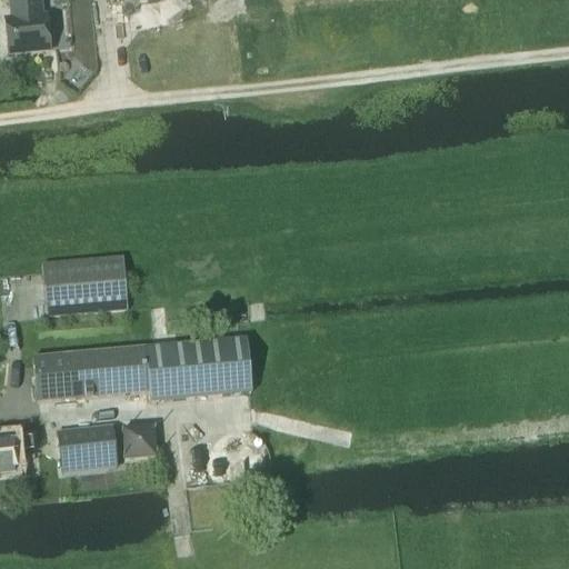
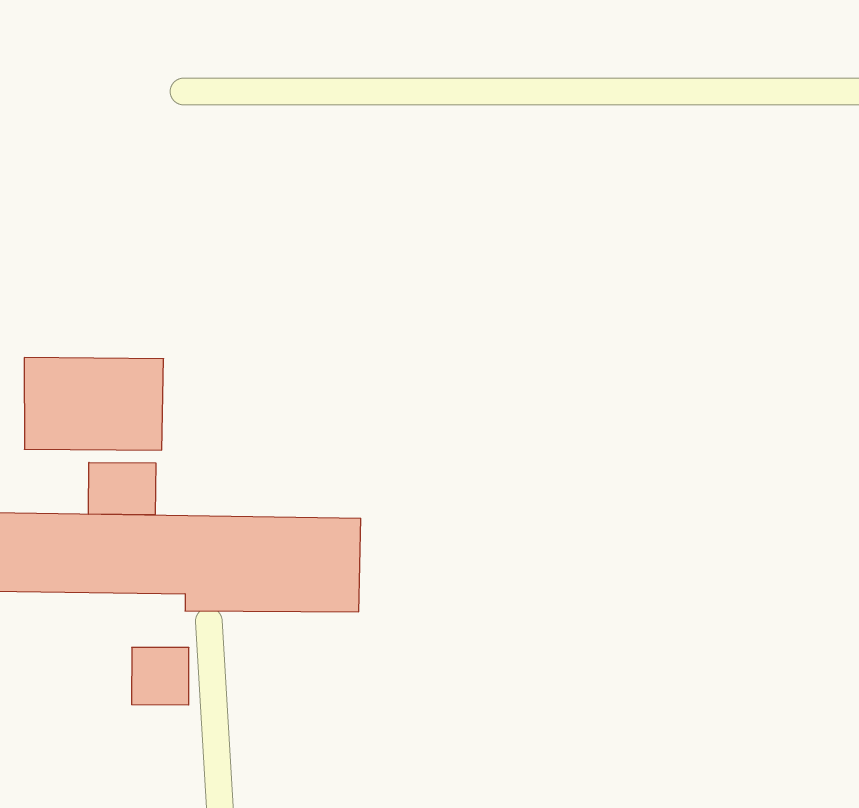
building: none -> [89,462,156,515]
building: [59,422,117,470] -> none

